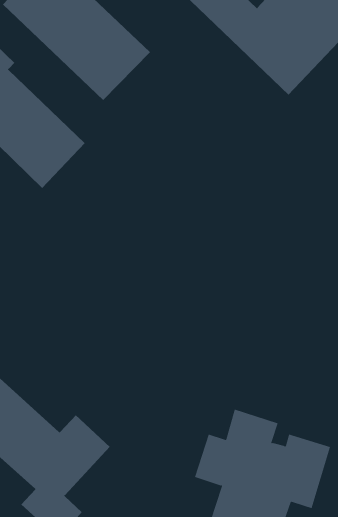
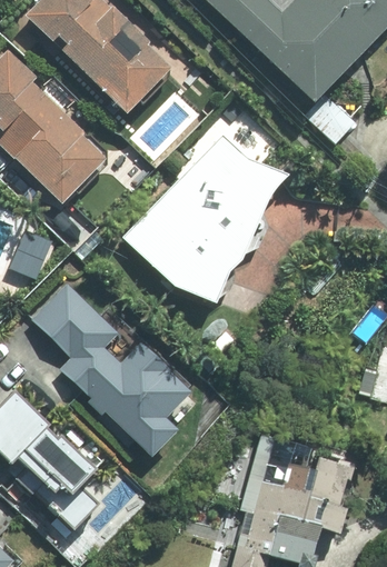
building: none -> [125,137,287,301]
building: none -> [29,279,198,459]

